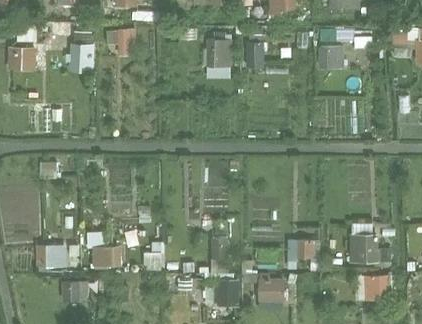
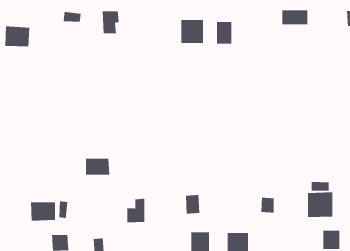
building: [70,43,94,72] -> none
building: [319,47,344,67] -> none
building: [92,247,120,266] -> [85,158,110,175]

